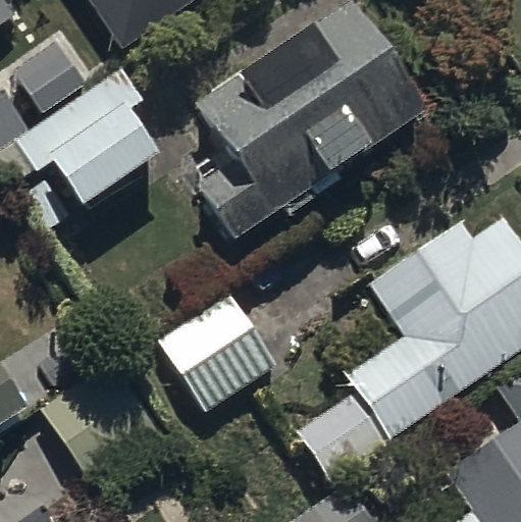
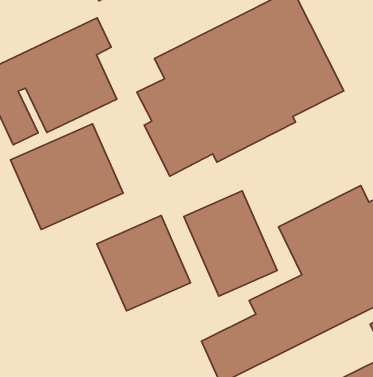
building: none -> [10,124,123,230]
building: none -> [184,191,277,296]

